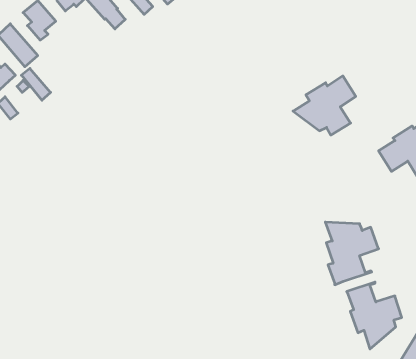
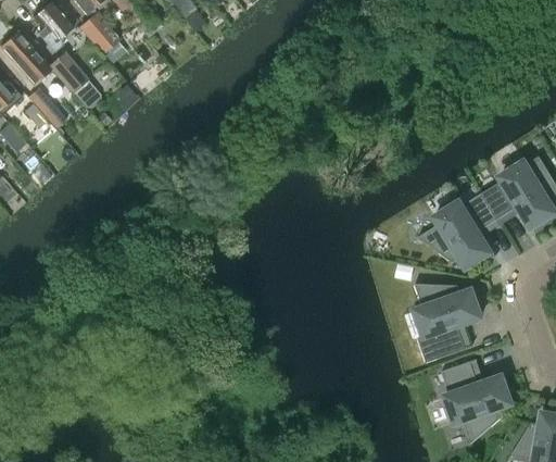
building: none -> [81,13,119,52]
building: none -> [50,52,102,108]
building: [293,76,356,135] -> [419,192,498,267]

